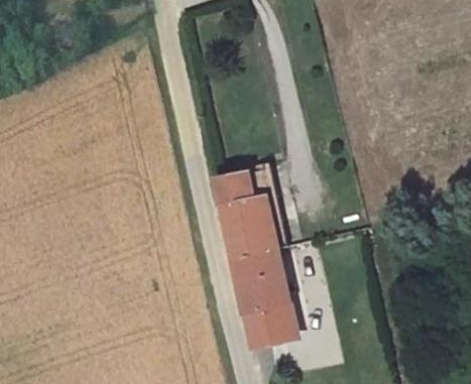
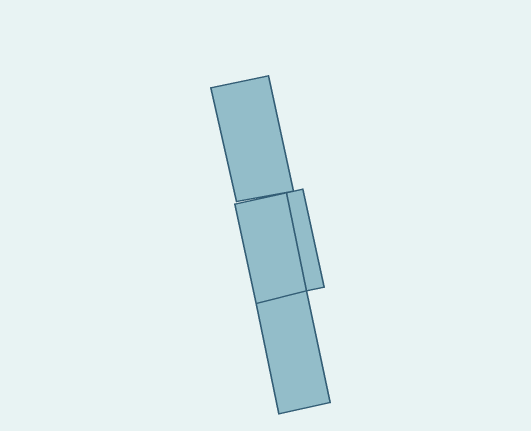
building: none -> [211,76,294,201]

